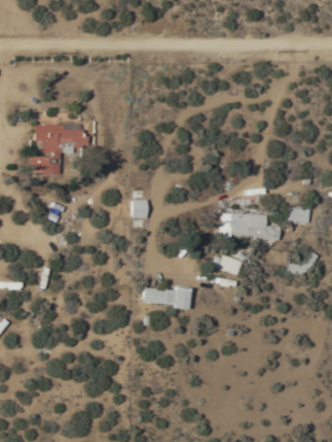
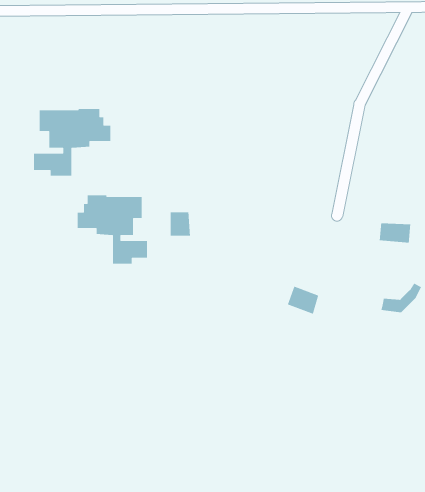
building: none -> [77,195,148,264]
building: [220,210,280,239] -> none
building: [143,287,189,310] -> none

